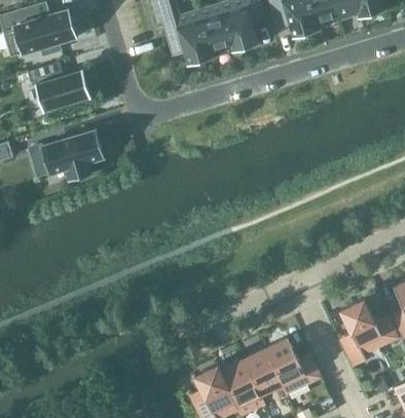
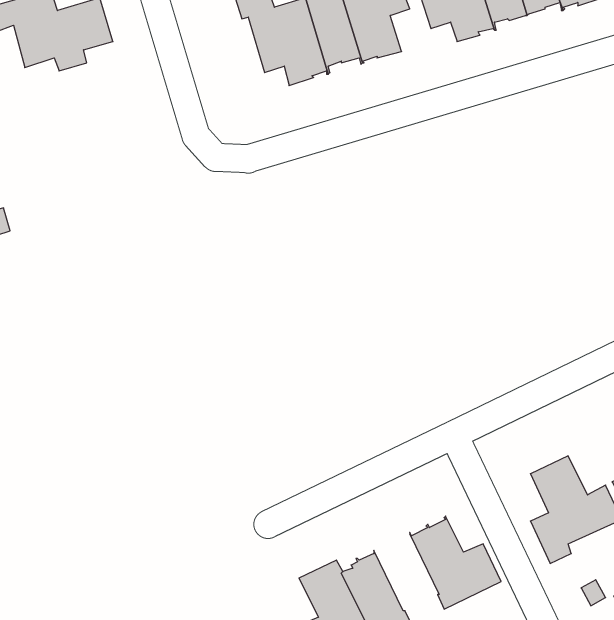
building: [28,62,90,111] -> none
building: [29,129,105,181] -> none
building: [242,347,283,395] -> none

